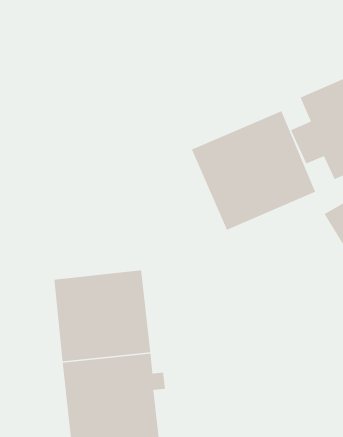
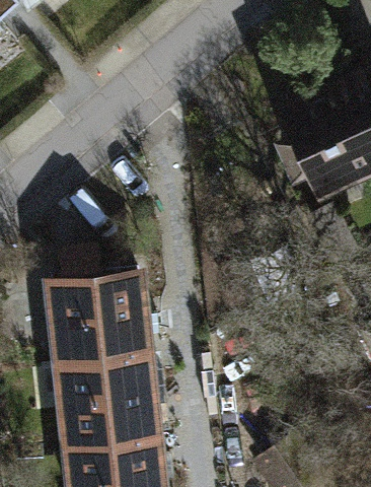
building: [191,110,316,231] -> none

